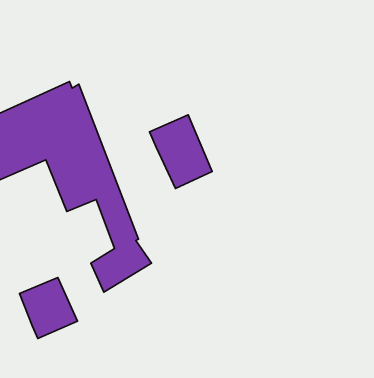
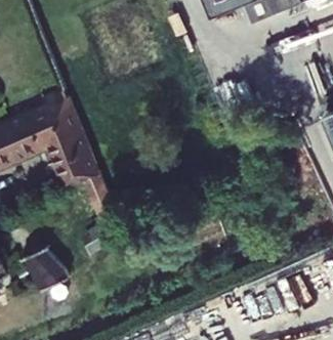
building: [150,115,212,189] -> none

